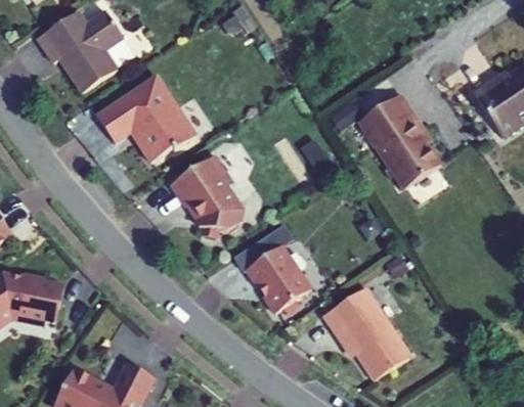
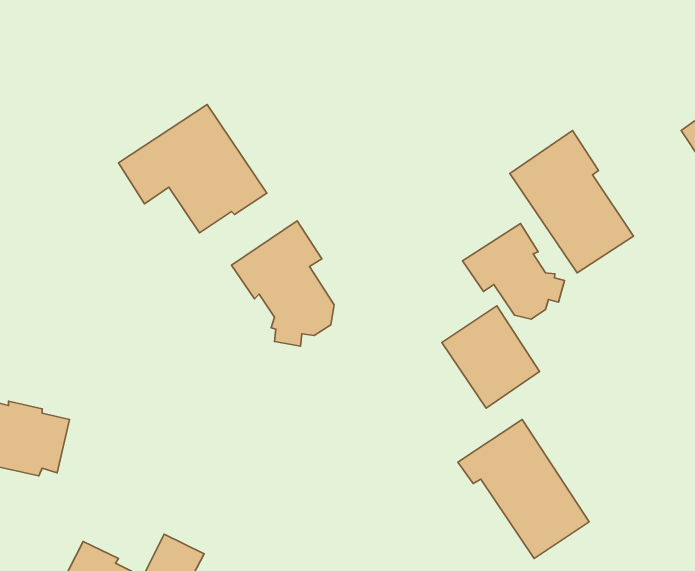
building: [37,10,136,93] -> none
building: none -> [463,224,564,319]
building: [245,244,310,313] -> [442,306,540,408]

